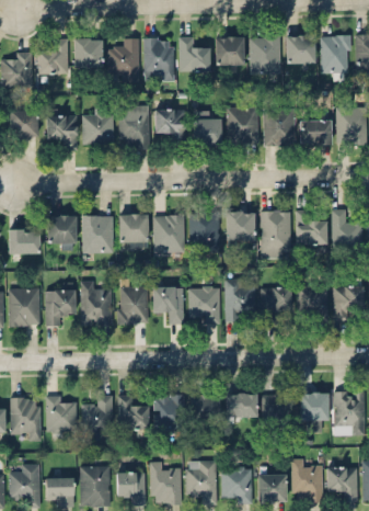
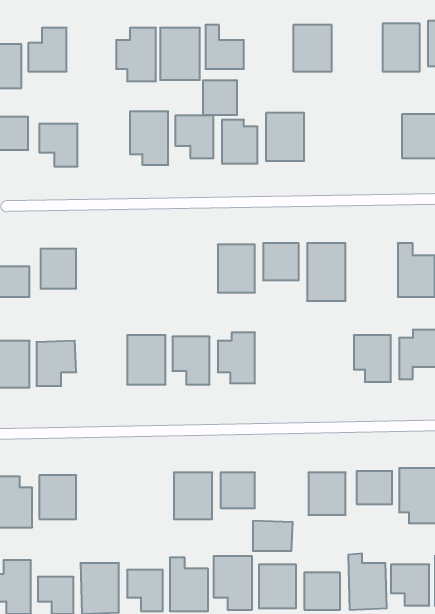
building: [287,35,314,63] -> none
building: [216,36,243,64] -> [203,80,237,115]
building: [74,38,104,67] -> none
building: [264,107,295,146] -> none
building: [83,110,114,148] -> none
building: [300,120,331,145] -> none
building: [297,211,327,246] -> none
building: [119,214,147,247] -> none
building: [153,214,185,250] -> none
building: [83,215,114,253] -> none
building: [224,279,256,320] -> none
building: [81,280,112,325] -> none
building: [261,287,291,320] -> none
building: [226,393,257,417] -> [253,521,293,551]
building: [82,396,114,438] -> none
building: [118,396,150,430] -> none

